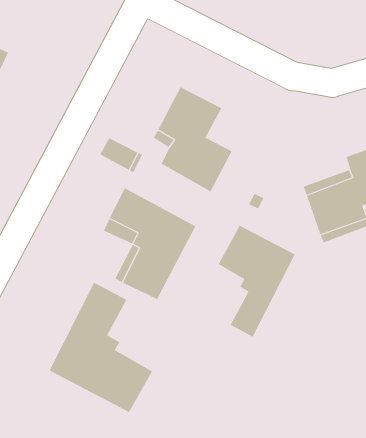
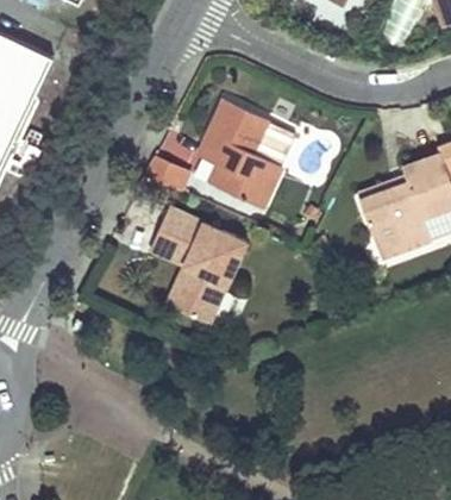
building: [218,225,296,338] -> none
building: [49,282,153,413] -> none

